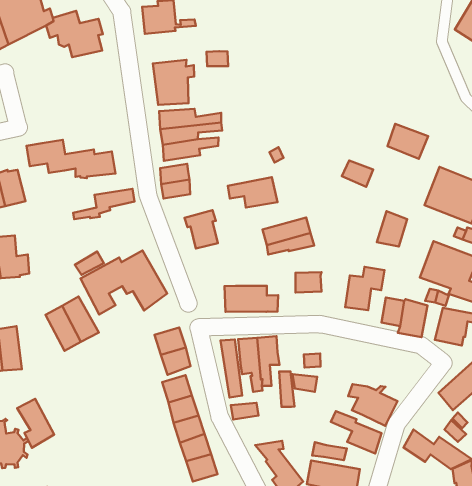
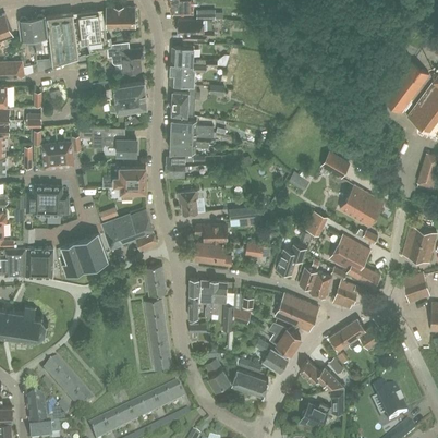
building: none -> [170,63,206,84]
building: none -> [105,81,147,111]
building: [228,177,278,207] -> [195,223,227,241]
building: none -> [104,175,146,197]
building: none -> [273,292,318,330]
building: [17,399,54,448] -> [61,242,83,275]

